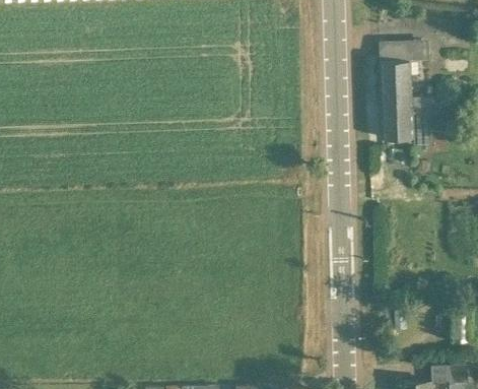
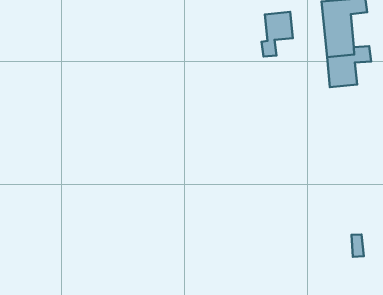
building: none -> [261,12,293,57]

